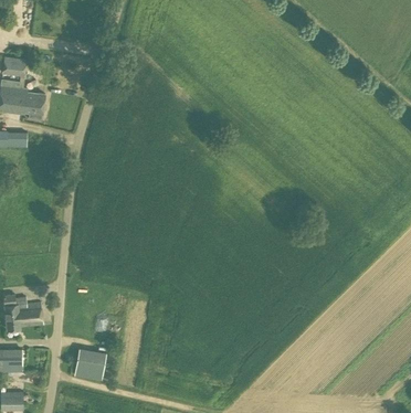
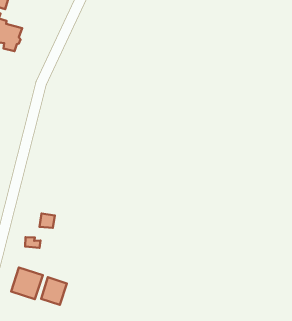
building: none -> [41,277,67,305]

